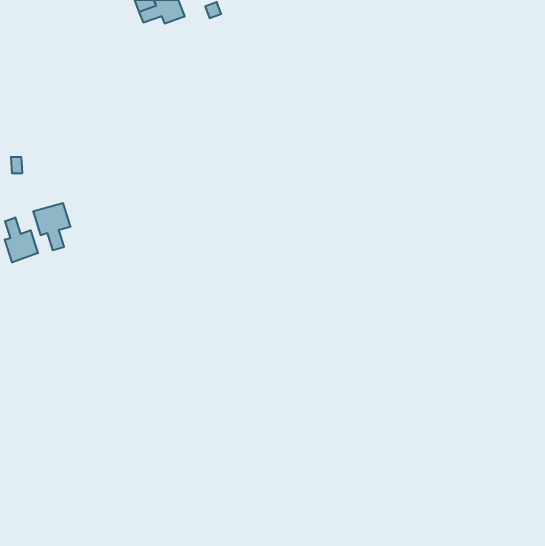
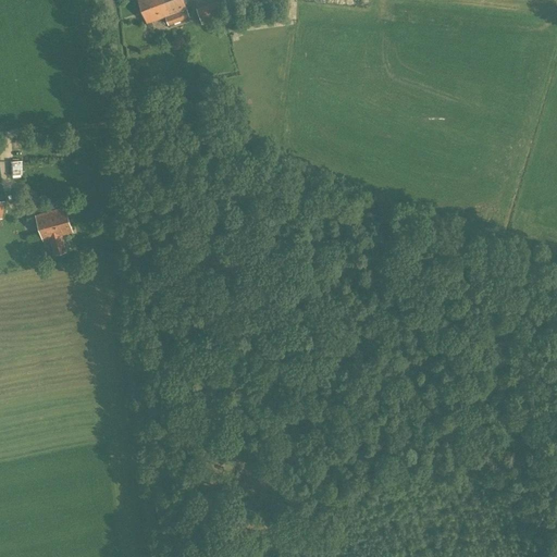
building: [5,217,38,262] -> none

